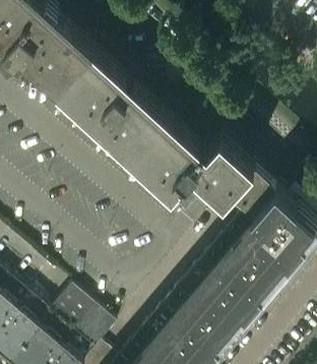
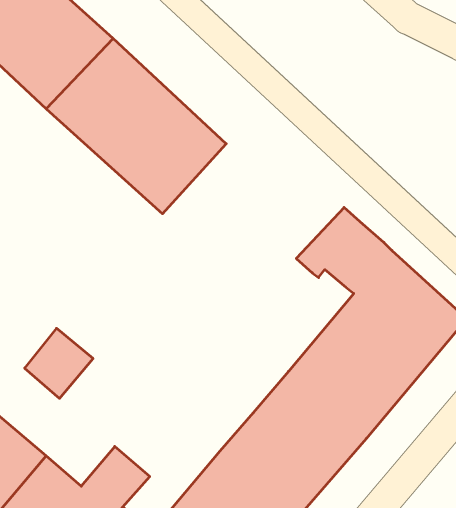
building: [124,118,240,219] -> none
building: [50,292,93,337] -> [25,328,93,398]

